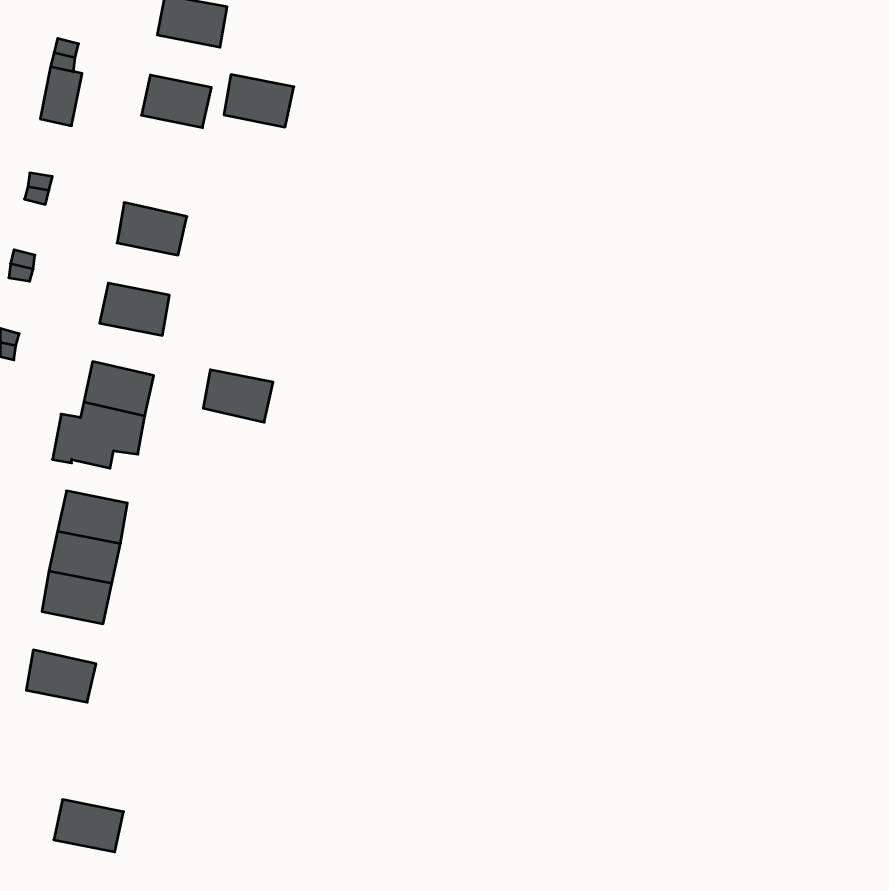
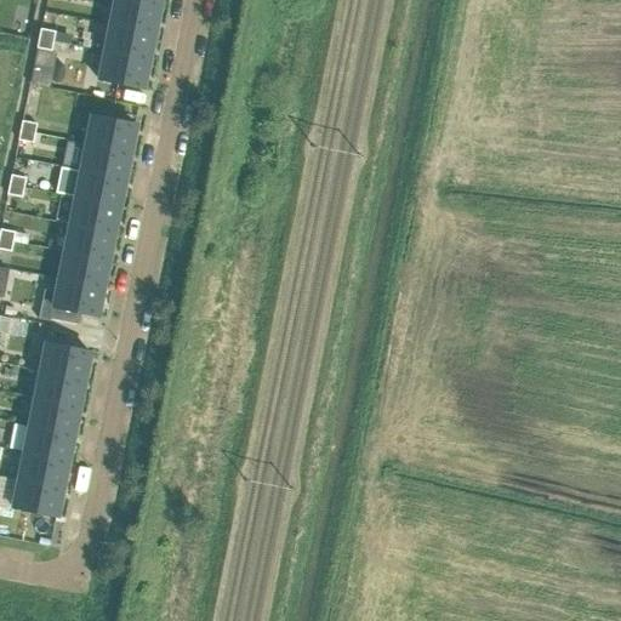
building: [224,75,294,127] -> [107,24,155,61]
building: none -> [89,114,137,150]
building: none -> [78,169,126,205]
building: [203,370,273,422] -> [67,224,115,261]
building: none -> [25,425,74,461]
building: [54,800,124,852] -> [15,479,63,515]

